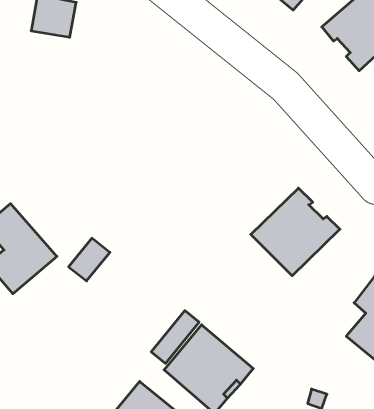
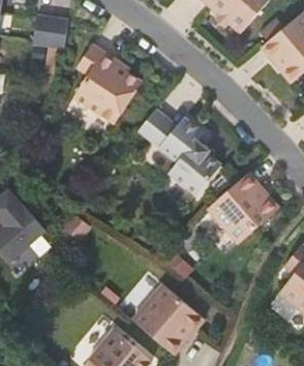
building: none -> [67,48,135,127]
building: none -> [133,112,216,197]

